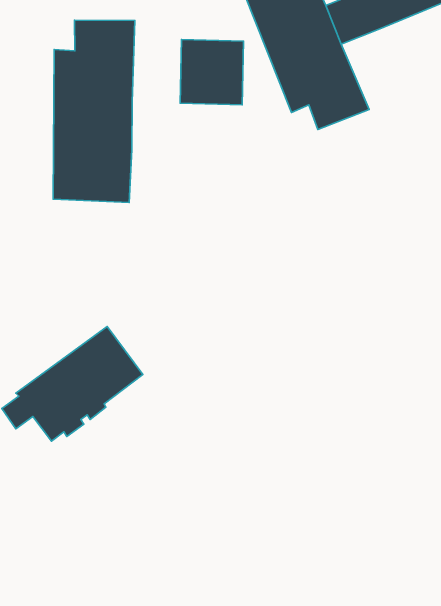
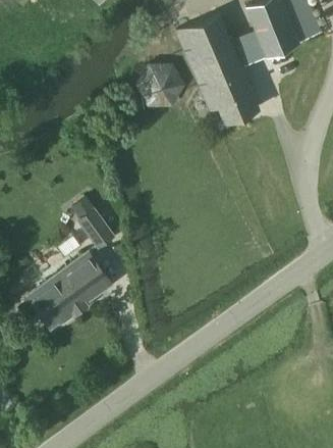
building: [53,20,135,202] -> none
building: none -> [71,198,115,249]

